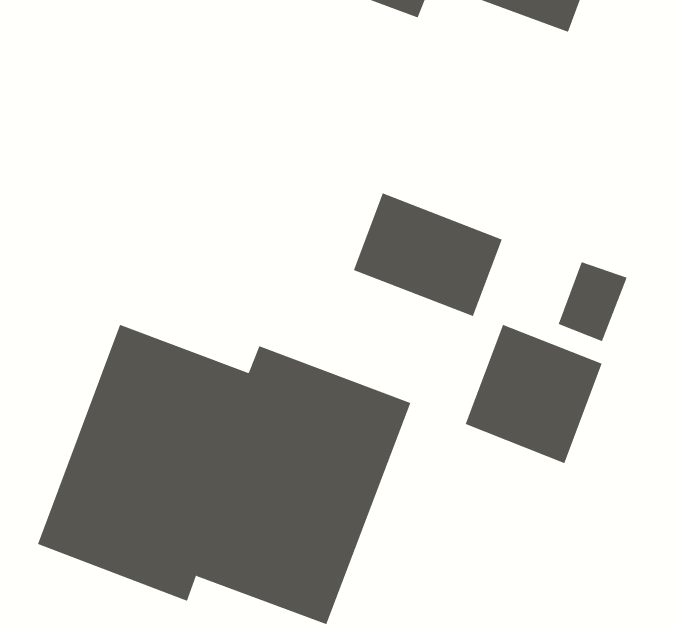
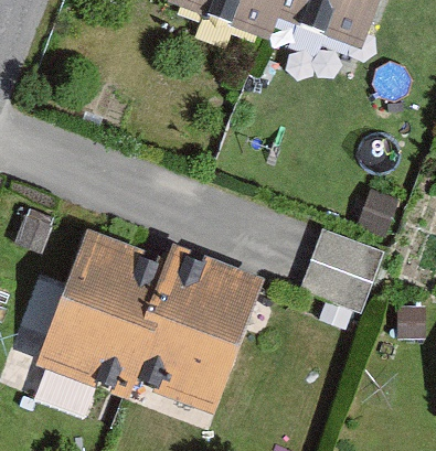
building: [353,193,502,317] -> none

